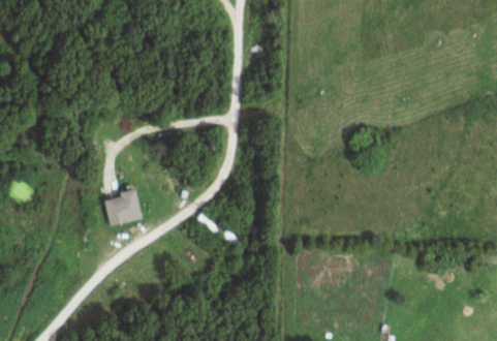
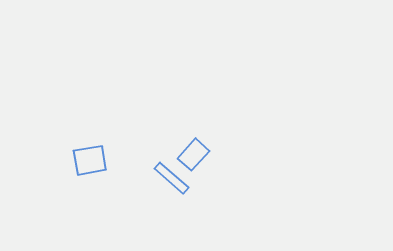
building: none -> [178,138,210,171]

